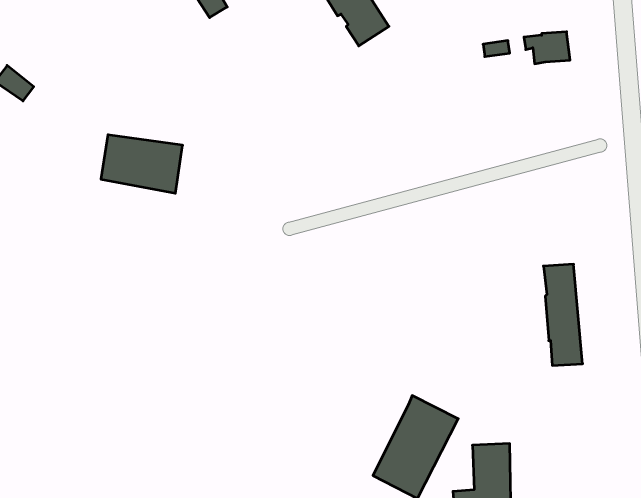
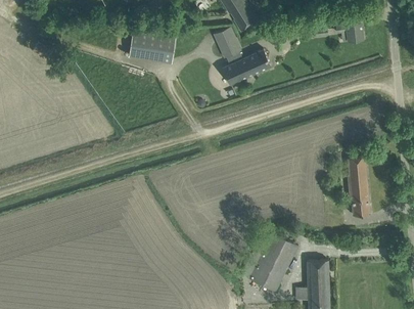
building: none -> [214,26,241,57]
building: none -> [223,49,271,84]
building: [101,135,183,193] -> [129,30,176,63]

